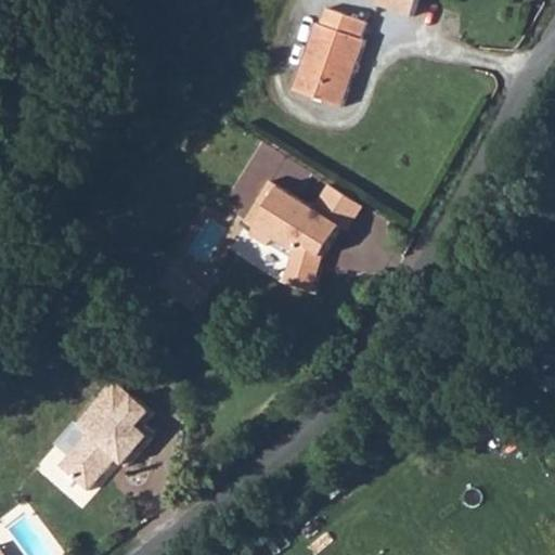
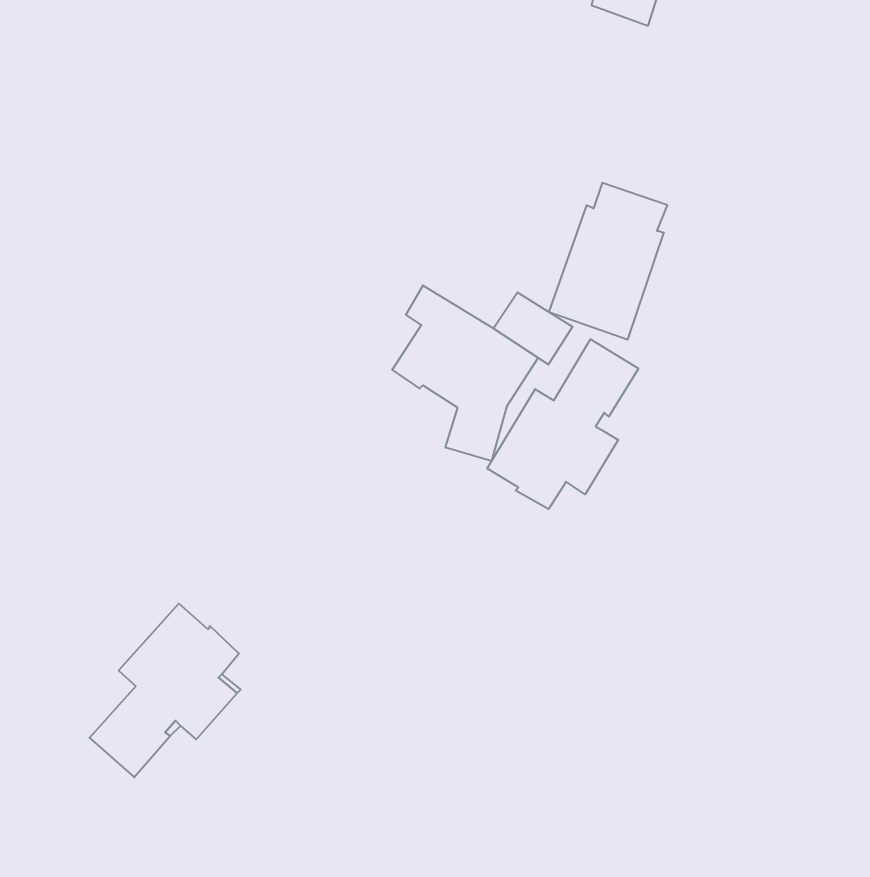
building: [289,8,364,106] -> [549,183,667,339]
building: none -> [487,339,638,509]

